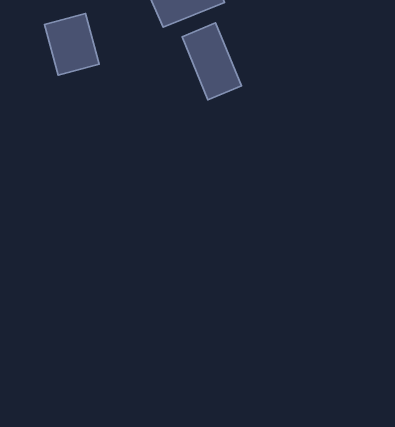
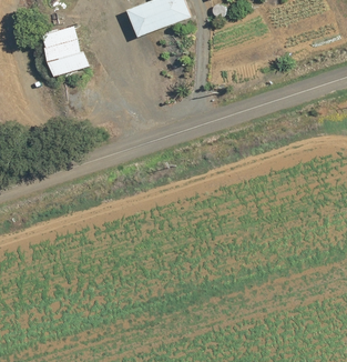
building: [182,23,241,100] -> none

